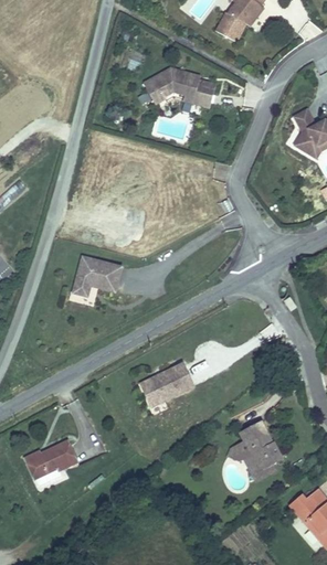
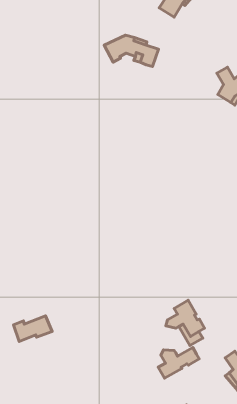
building: [74,257,123,296] -> none
building: [134,364,186,405] -> none
building: none -> [158,348,199,378]

